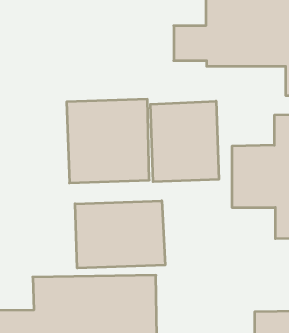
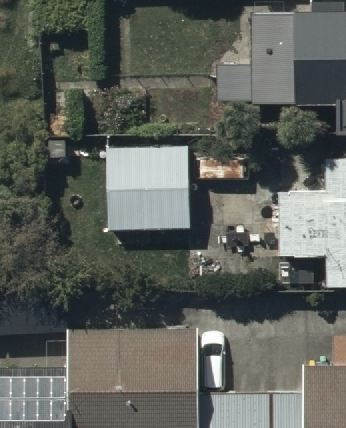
building: [150,101,219,182] -> none
building: [75,201,165,268] -> none

